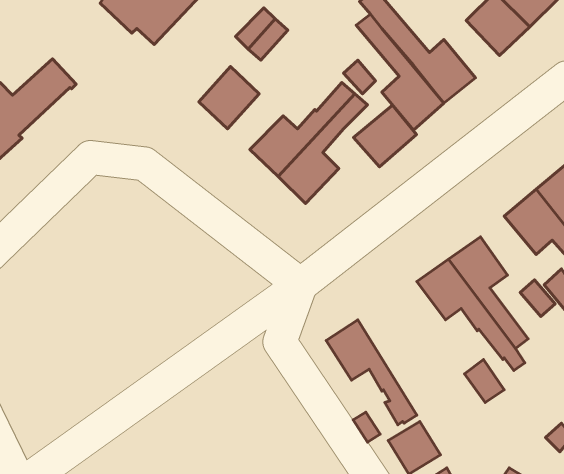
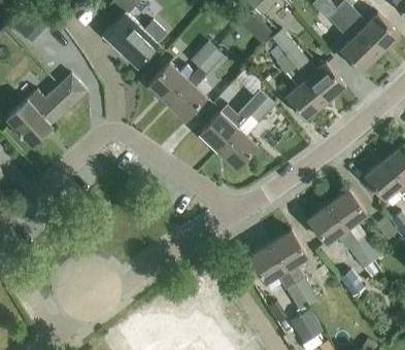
building: none -> [147,64,194,103]
building: [354,105,417,167] -> none
building: none -> [269,232,317,306]

